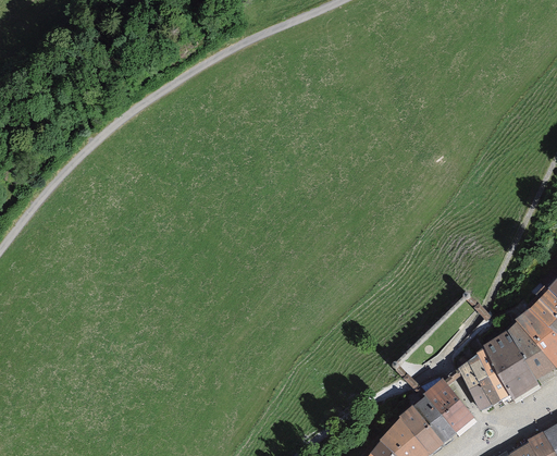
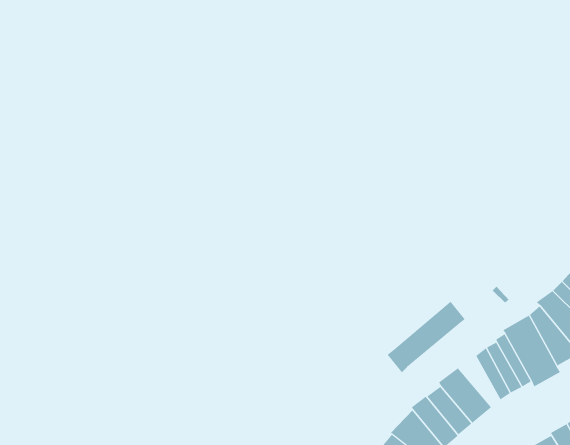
building: none -> [387,301,465,373]

